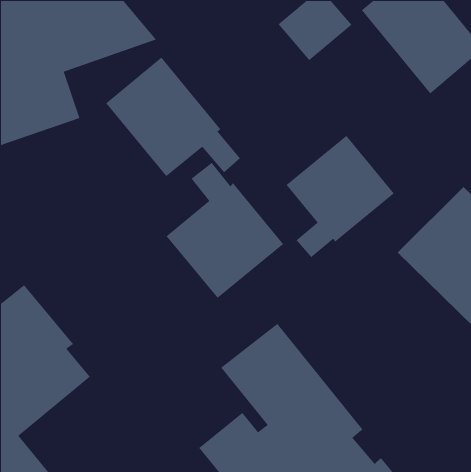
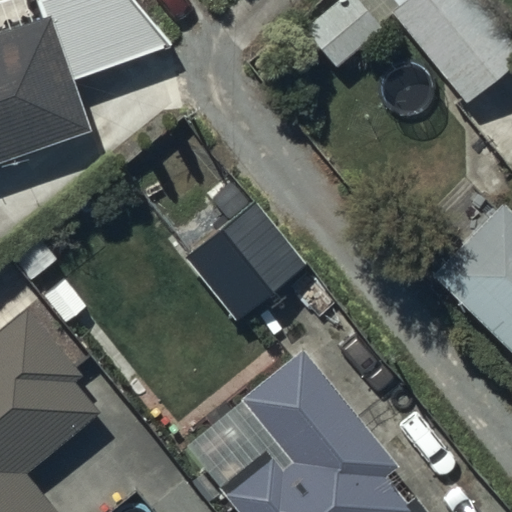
building: [105,57,241,177] -> none
building: [286,135,395,258] -> none

